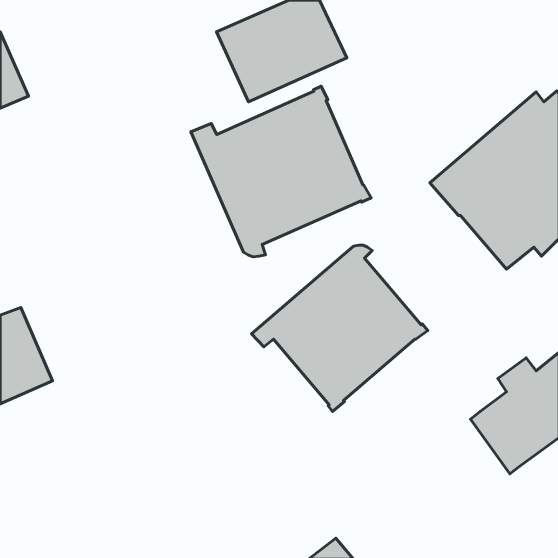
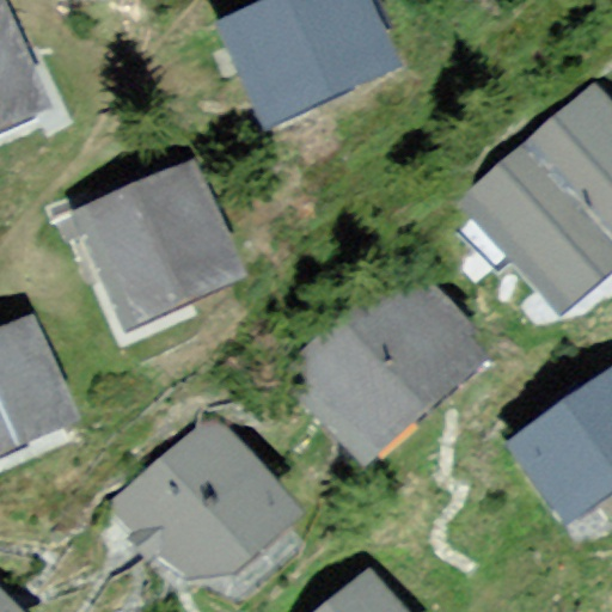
building: [191,86,371,257] -> none
building: none -> [60,179,227,317]
building: none -> [122,429,282,570]

